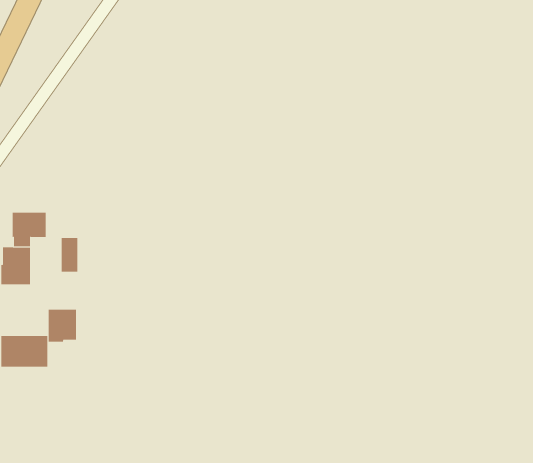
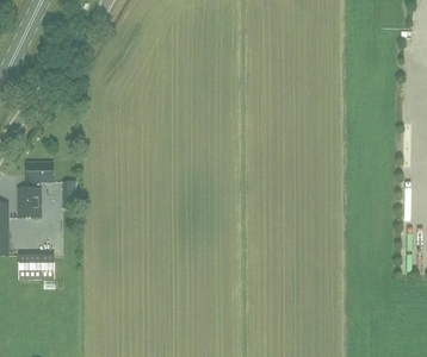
building: [48,309,77,342] -> none

